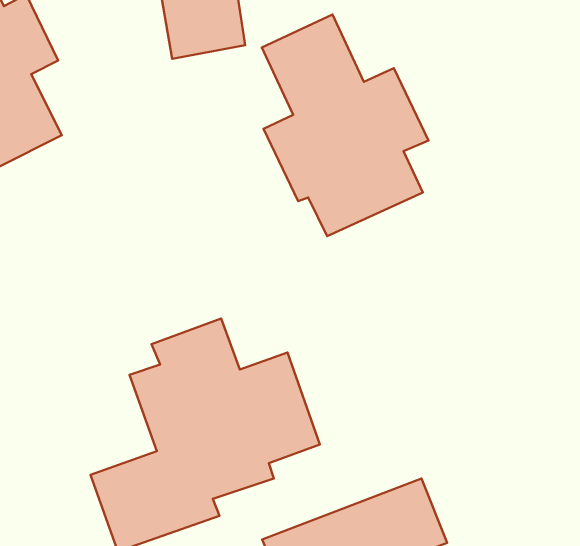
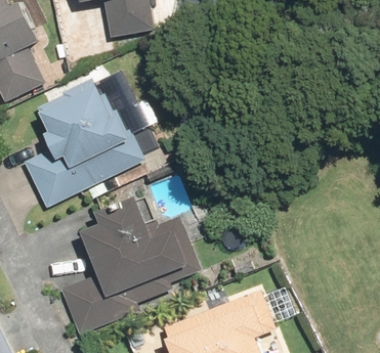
building: [262,14,428,236] -> none
building: none -> [22,79,144,209]

